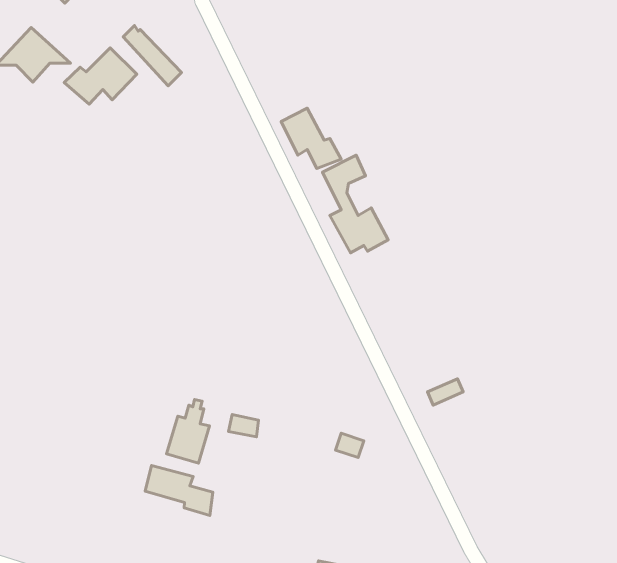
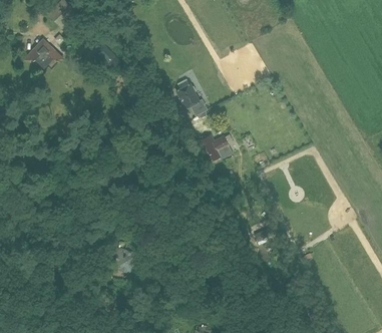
building: [64,48,137,104] -> none
building: [145,465,213,516] -> none

